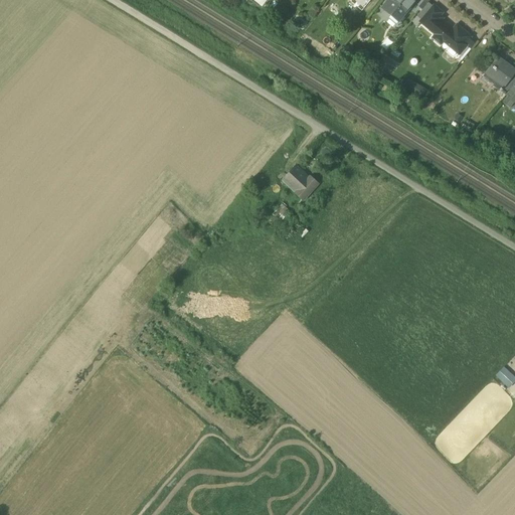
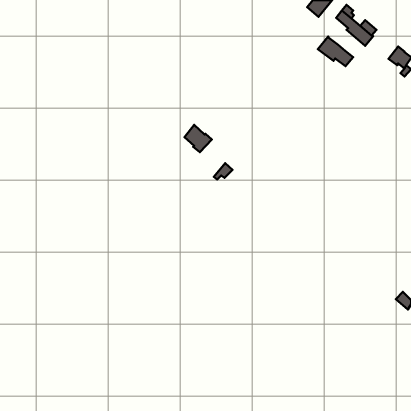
building: none -> [318,36,353,66]
building: [284,166,318,200] -> [184,125,212,152]

